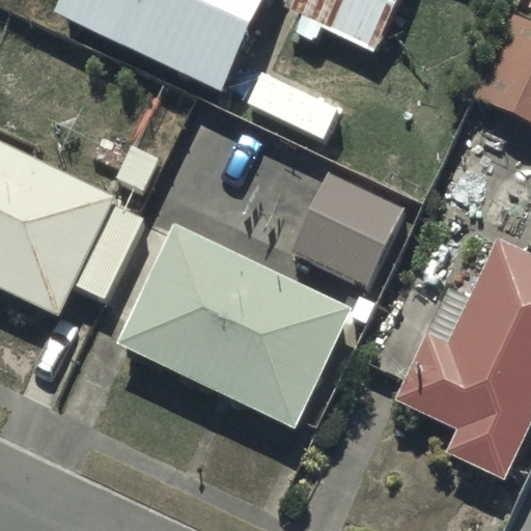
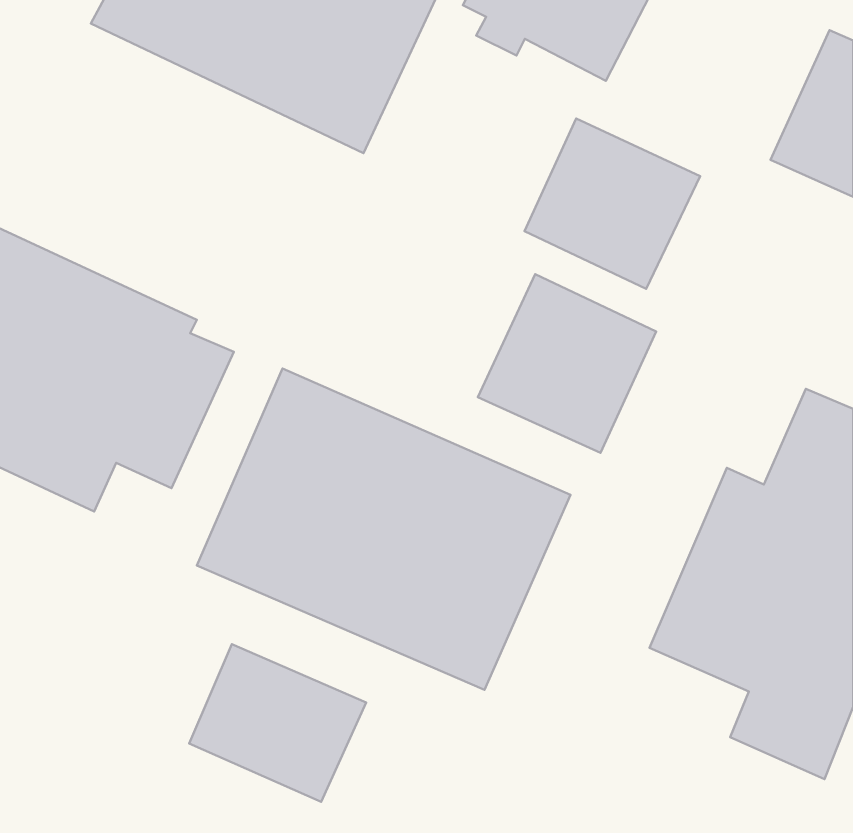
building: none -> [525,118,700,289]
building: none -> [189,644,366,802]

